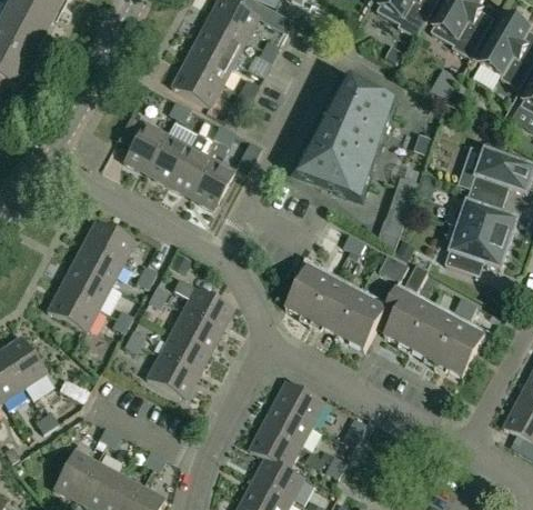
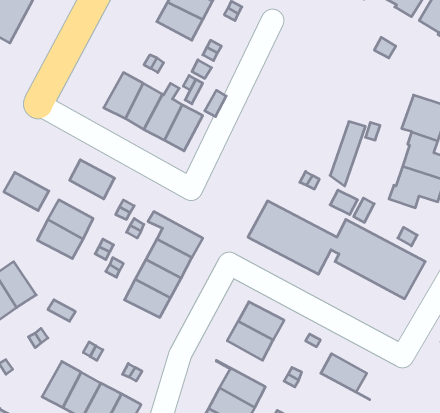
building: [170,62,222,106] -> none
building: [290,66,398,198] -> none
building: [71,242,122,286] -> [4,172,49,211]
building: [250,424,305,477] -> [321,354,370,400]

